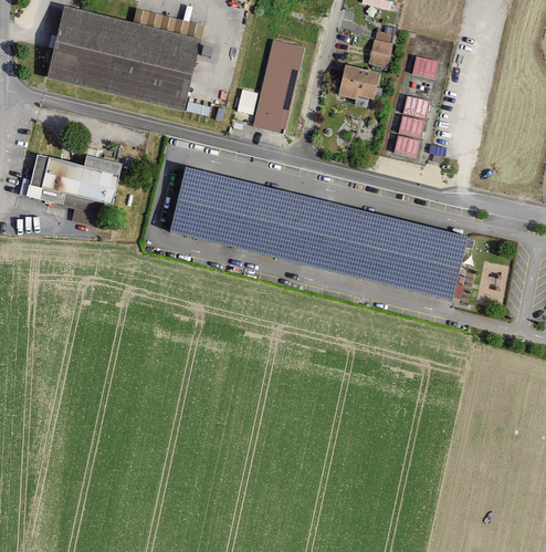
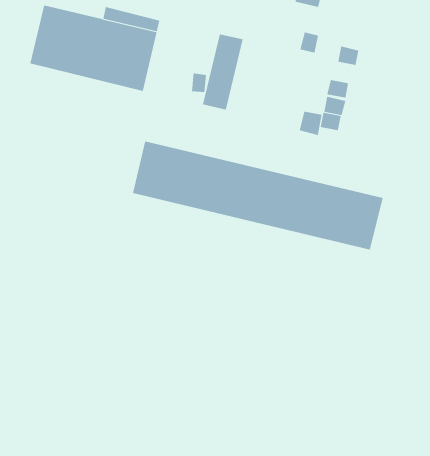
building: [338,65,377,100] -> none
building: none -> [299,111,322,136]
building: [28,154,122,225] -> none

